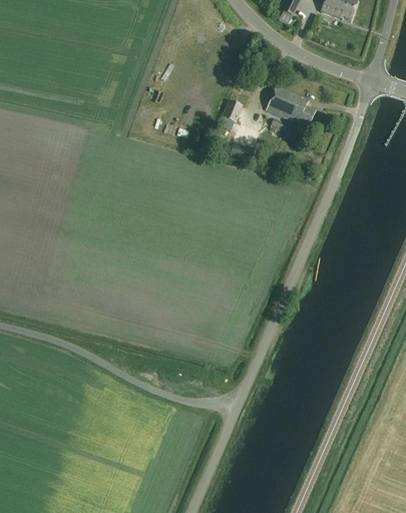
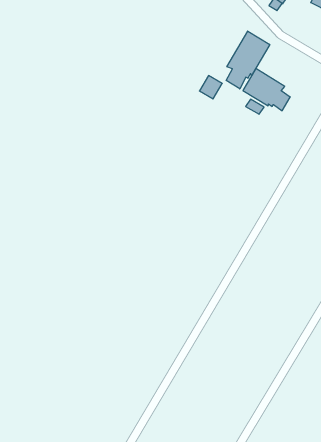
building: none -> [226,31,270,89]

